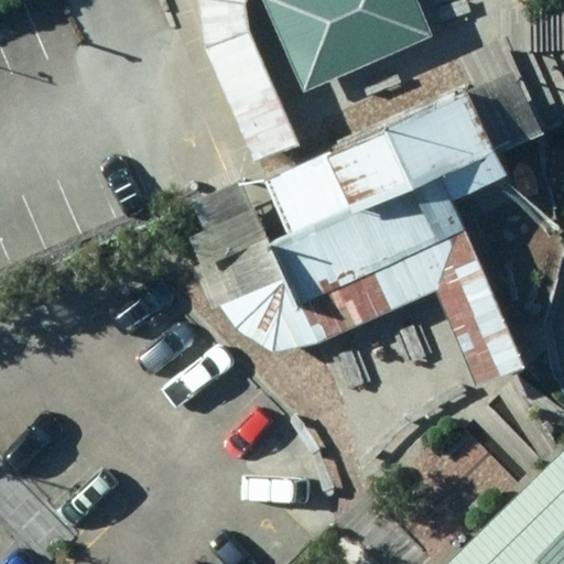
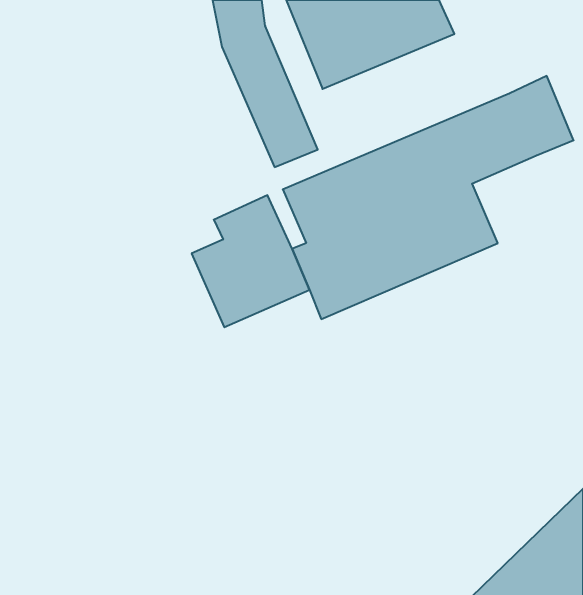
building: [221,231,528,383] -> none

